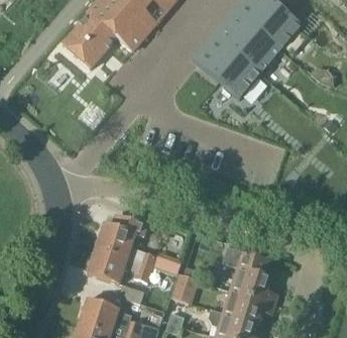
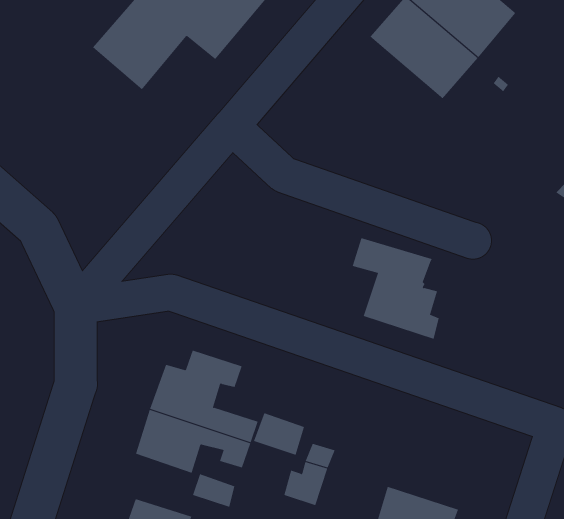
building: [198,37,260,98] -> none
building: [223,246,272,304] -> [352,237,440,340]

